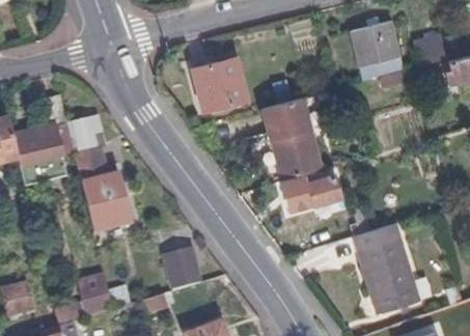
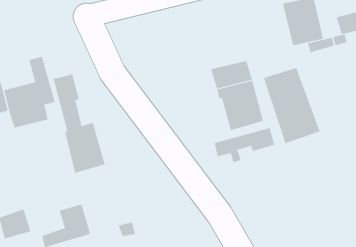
building: [189,59,243,111] -> none
building: [350,224,418,315] -> [263,67,320,144]
building: [162,244,202,288] -> none

